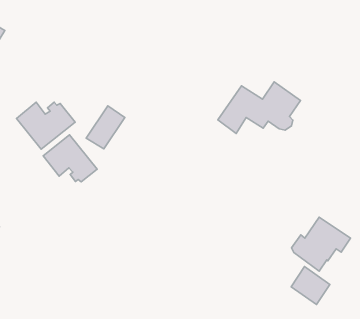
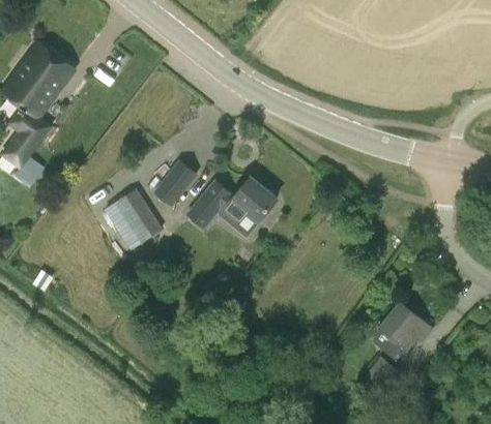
building: [218,82,301,133] -> [185,177,278,231]
building: [17,102,75,149] -> none

